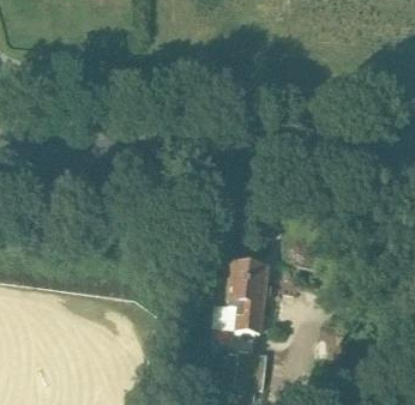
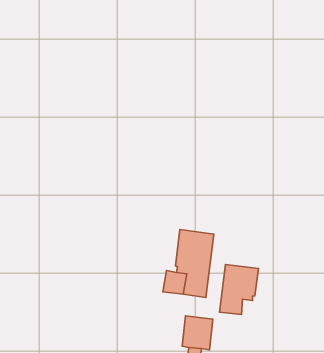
building: none -> [220,265,258,315]

